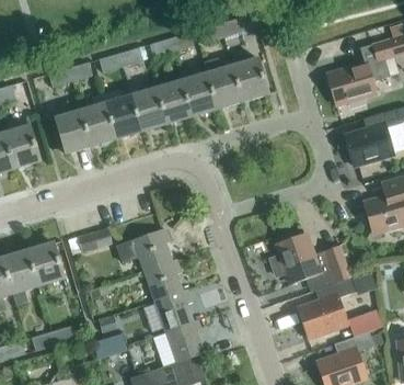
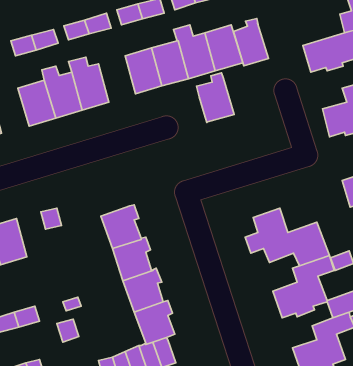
building: none -> [234,19,268,66]
building: [131,87,166,131] -> none
building: none -> [196,73,234,122]

